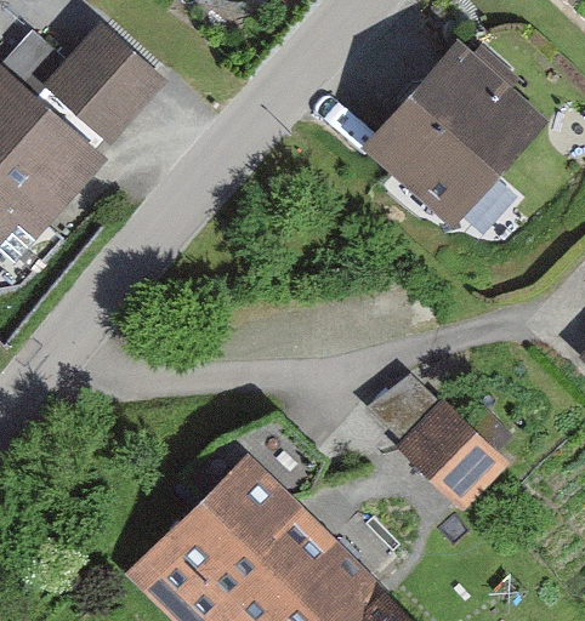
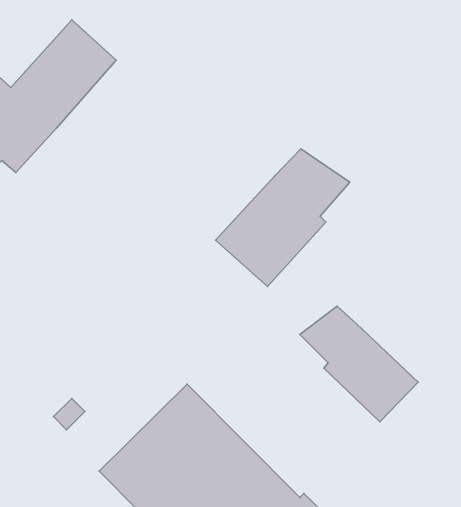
building: [373,52,530,212] -> none
building: none -> [216,149,350,287]

